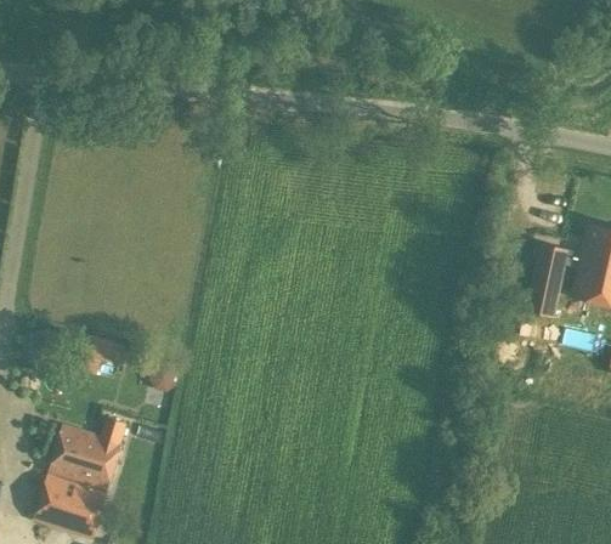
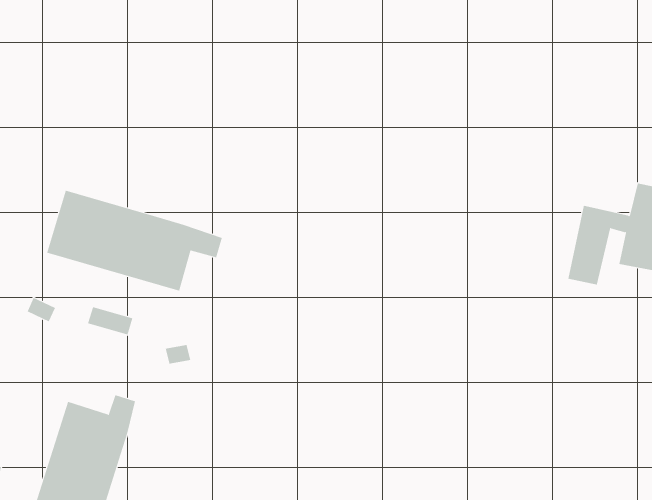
building: none -> [46,190,223,292]

